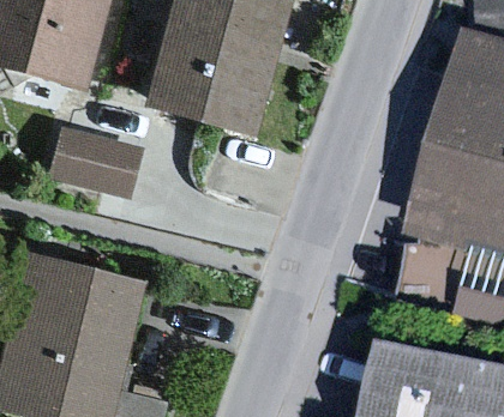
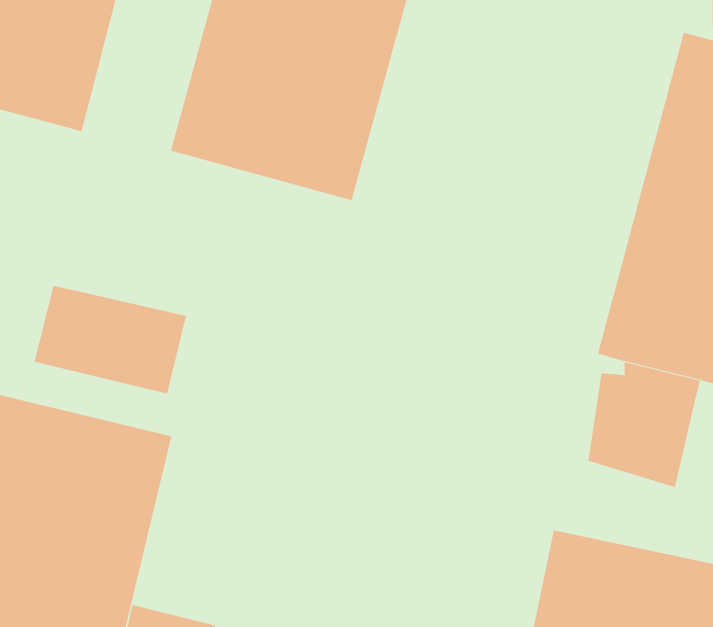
building: [44,126,140,194] -> [34,285,187,394]

